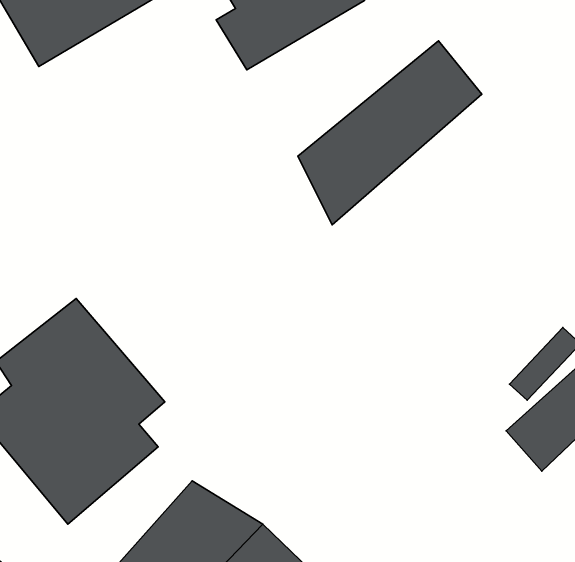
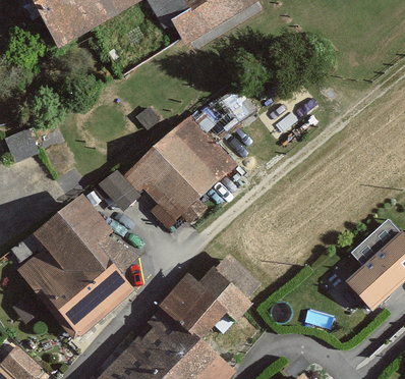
building: [298,41,482,225] -> none
building: none -> [98,113,237,224]
building: none -> [155,264,254,339]

